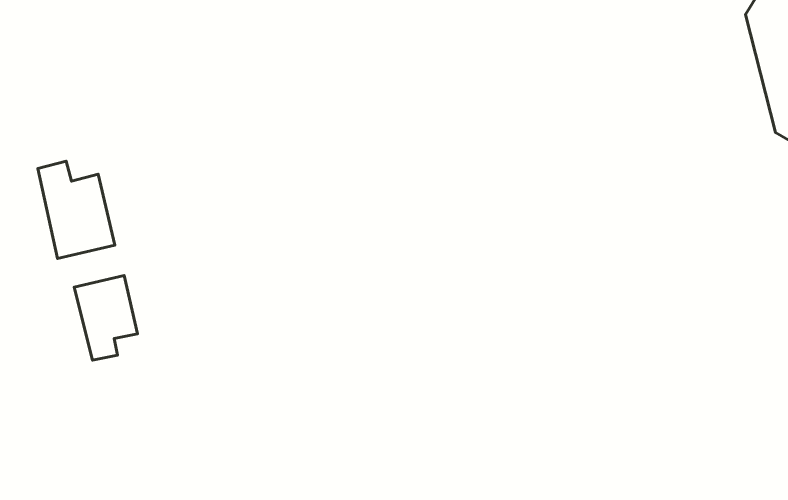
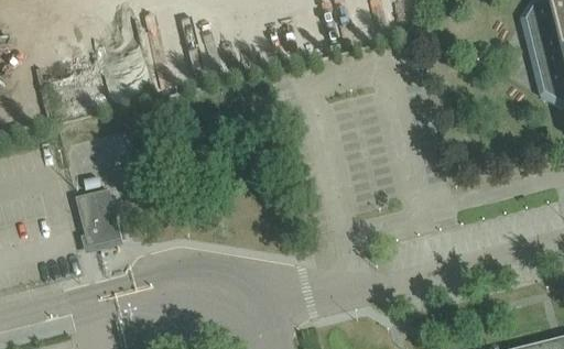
building: [38,161,115,259] -> none

